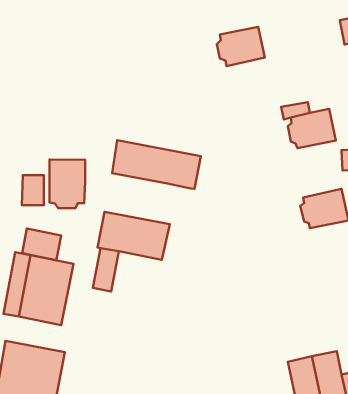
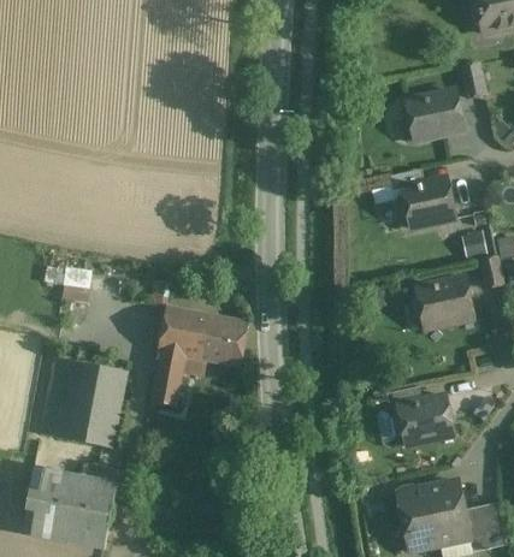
building: [217,27,265,66] -> [403,91,463,141]
building: [112,140,201,189] -> none
building: [49,159,85,208] -> none
building: [22,229,61,260] -> none
building: none -> [396,390,457,448]

